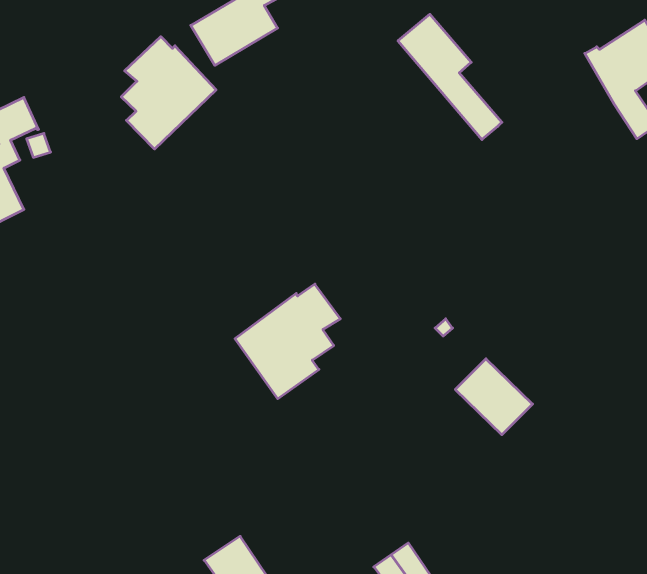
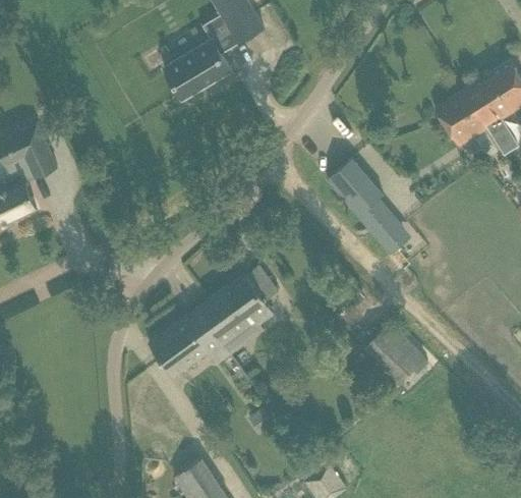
building: [398,14,502,140] -> [328,160,407,256]
building: [121,37,216,149] -> none
building: none -> [436,91,487,148]
building: none -> [150,309,231,378]

